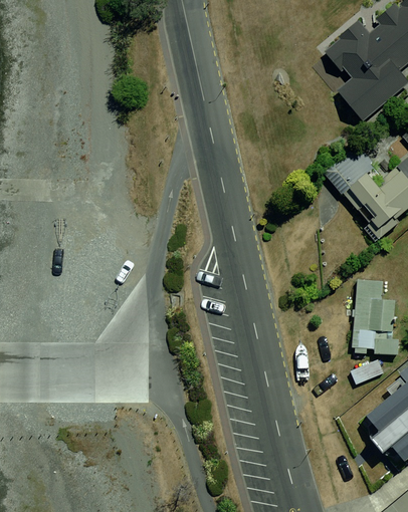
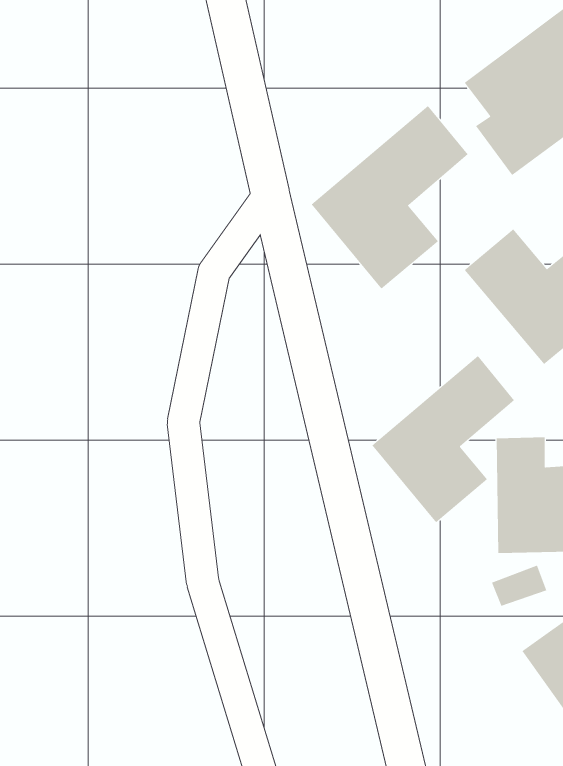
building: none -> [311,105,469,290]
building: none -> [372,355,515,523]

